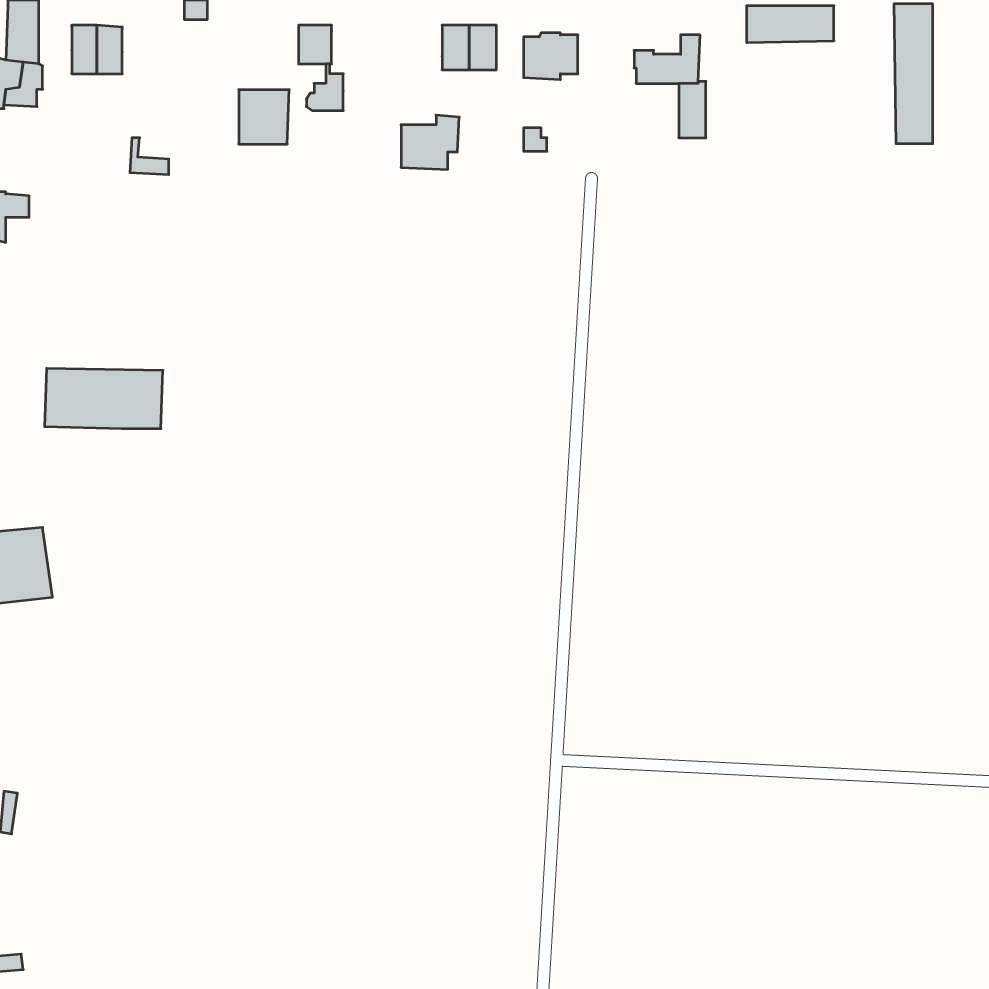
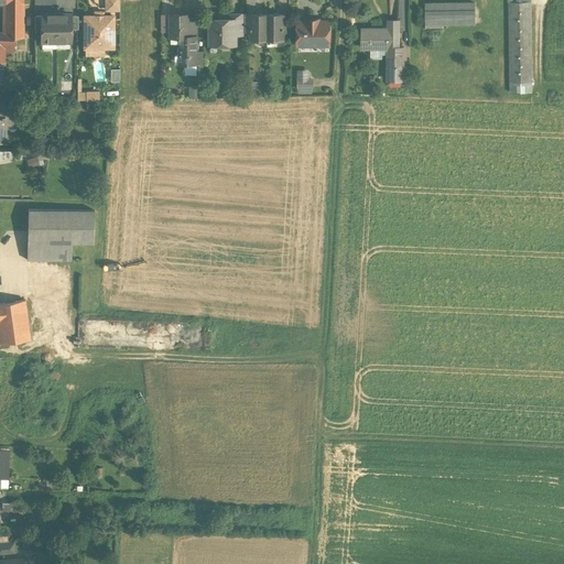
building: [239,90,289,144] -> [84,19,112,50]
building: [401,115,459,169] -> [209,14,242,45]
building: none -> [25,243,69,262]

